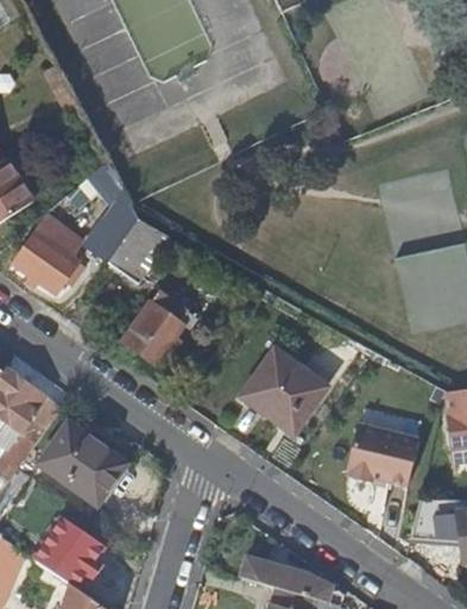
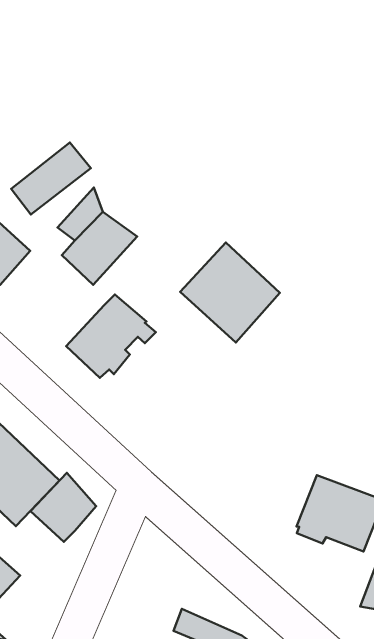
building: [241,346,329,433] -> [180,242,280,342]
building: none -> [31,473,96,542]

